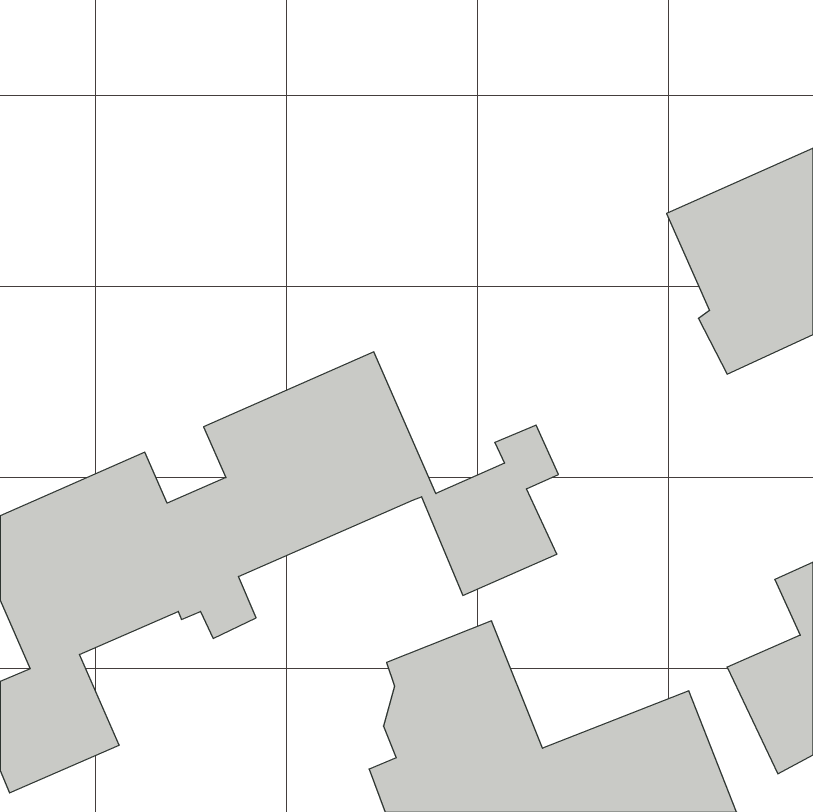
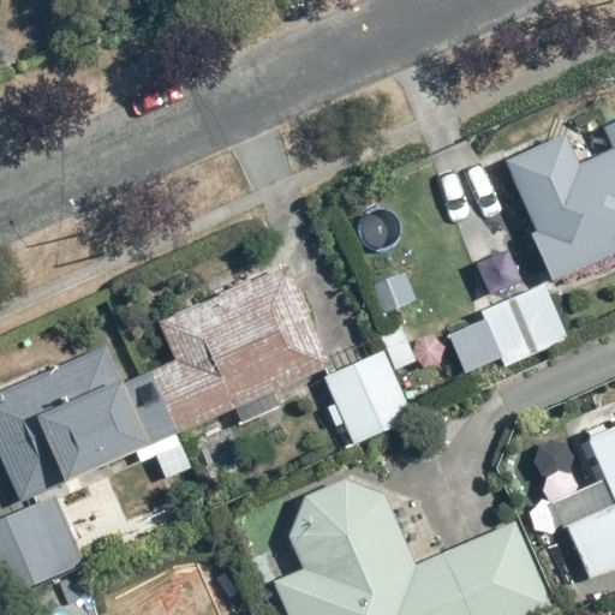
building: none -> [444,280,573,380]

